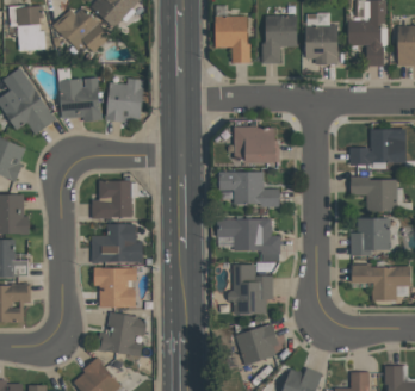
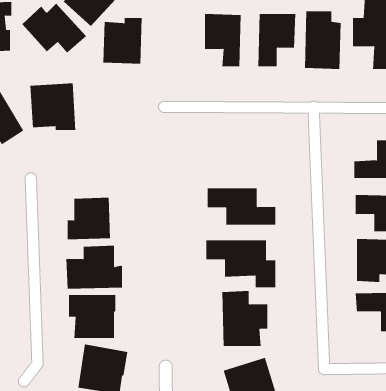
building: [107,79,143,120] -> [102,18,142,64]
building: [234,126,277,162] -> none

